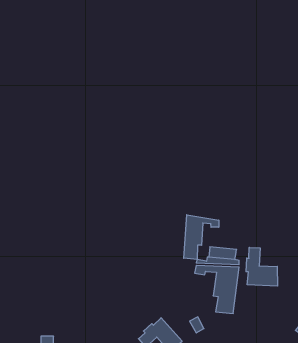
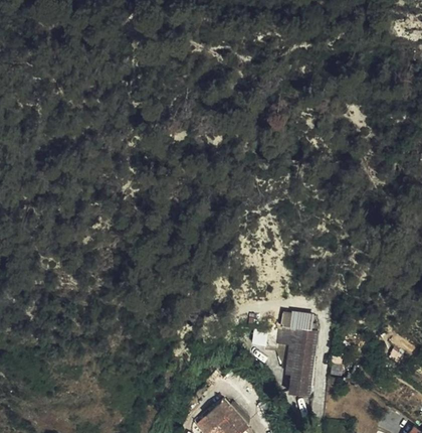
building: [184,215,219,260] -> none
building: [246,247,277,286] -> none

